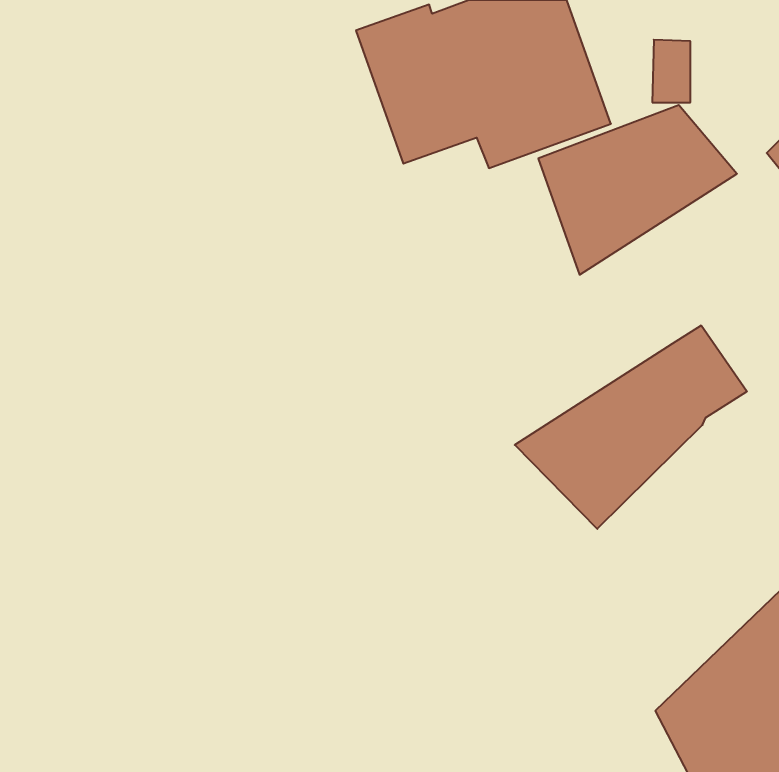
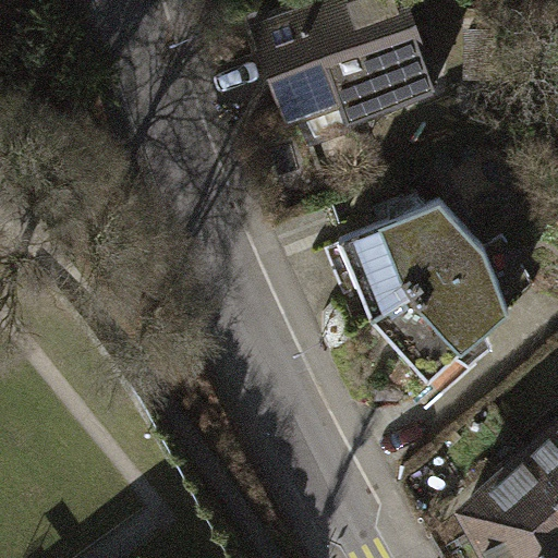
building: [538,105,737,275] -> [339,203,481,324]

